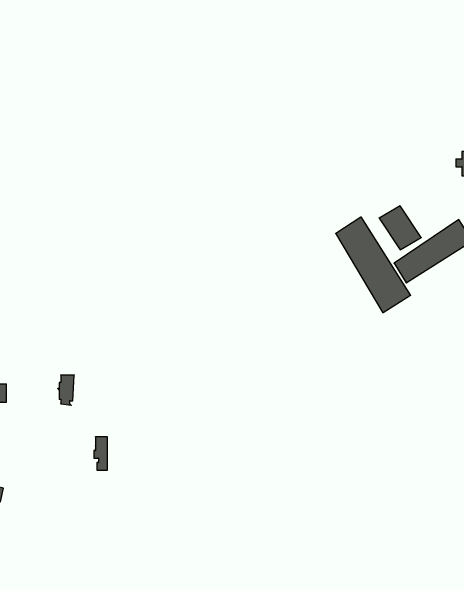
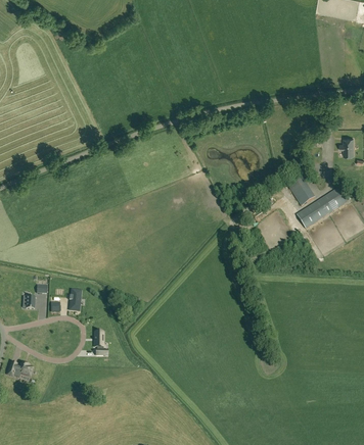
building: [336,217,411,313] -> none

